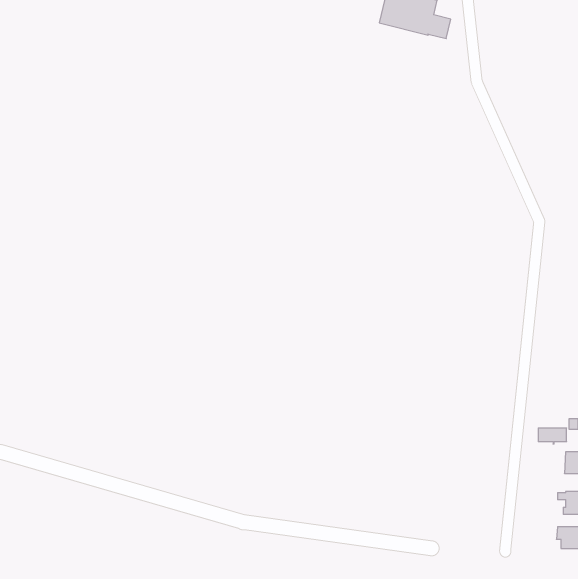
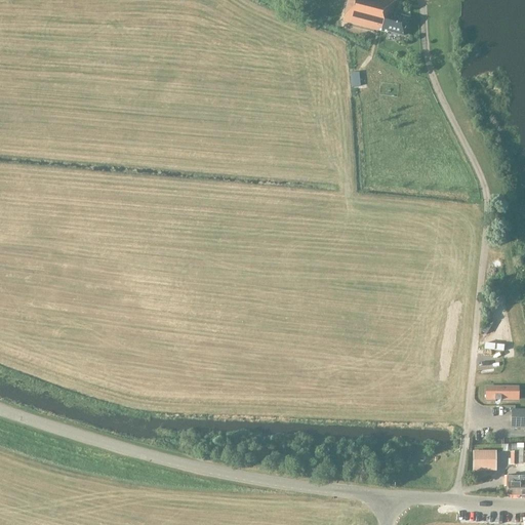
building: none -> [475,451,497,470]

